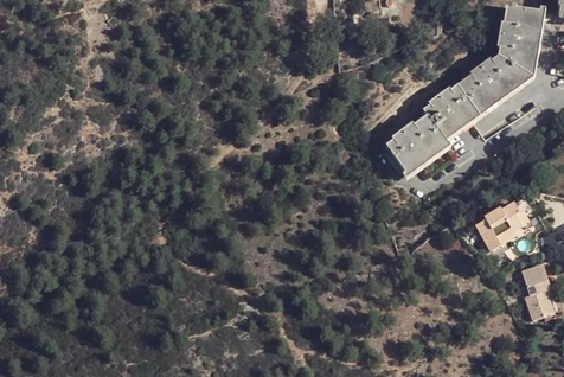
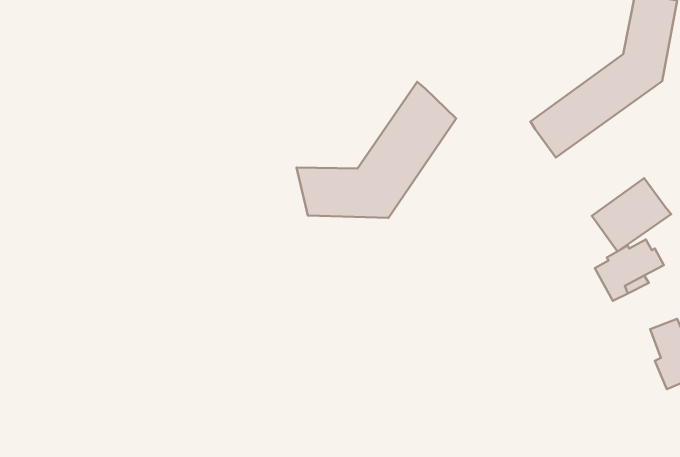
building: none -> [296,82,456,218]
building: [386,114,449,172] -> [592,178,671,252]

